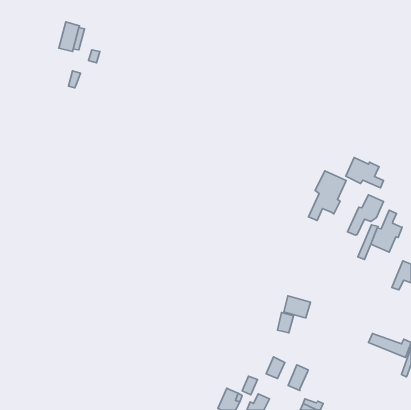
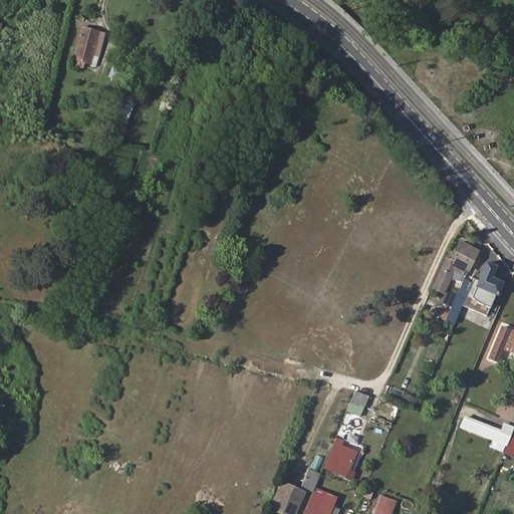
building: [346,158,384,188] -> none
building: [309,171,346,221] -> none
building: [284,296,311,318] -> none
building: [288,365,308,390] -> none

